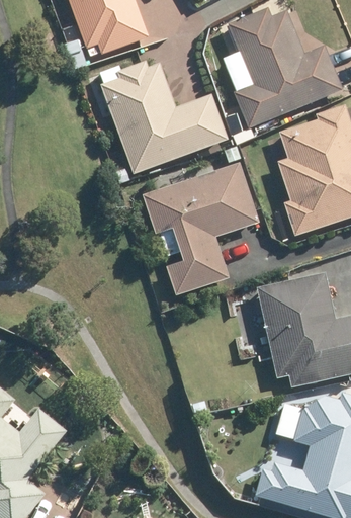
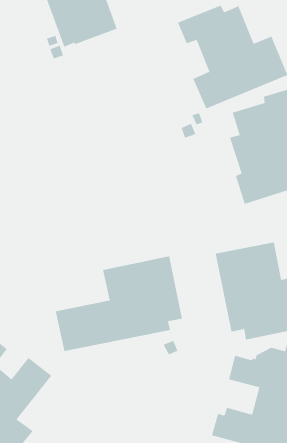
building: [97,61,225,182] -> none
building: [138,162,255,295] -> none
building: none -> [55,255,183,352]

